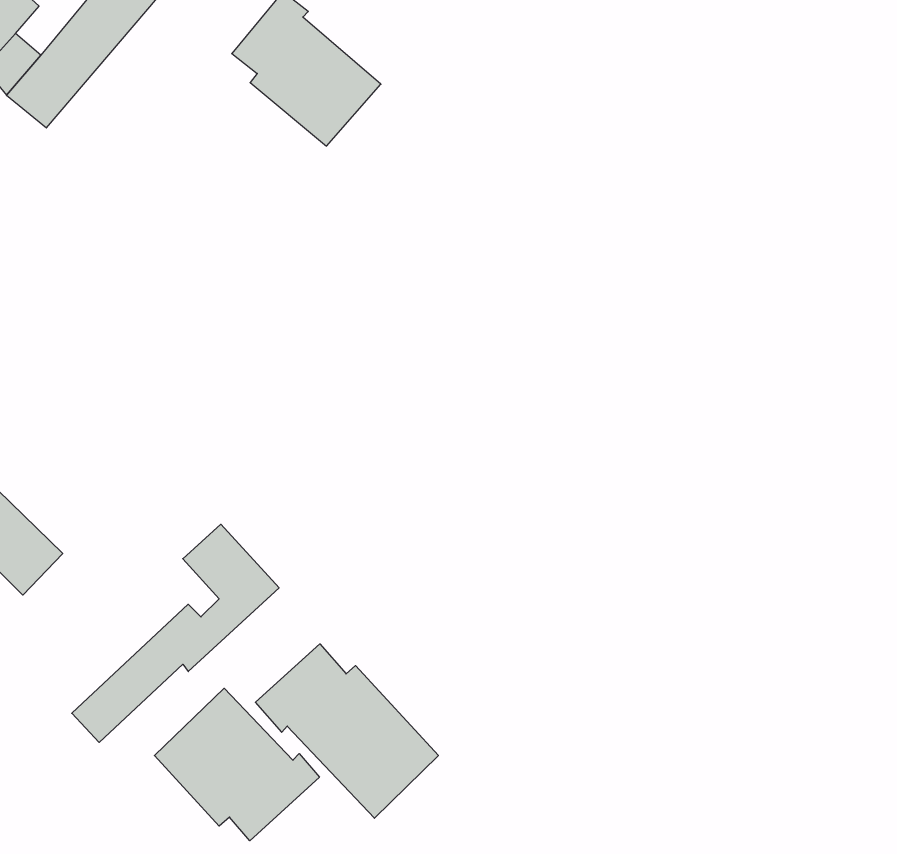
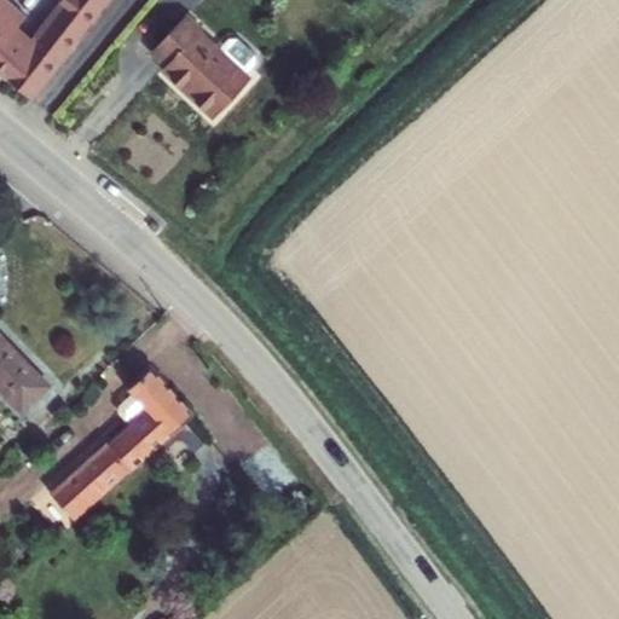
building: [255,644,438,818] -> none
building: [154,688,319,841] -> none

